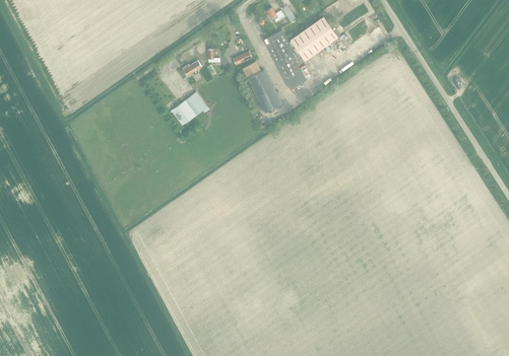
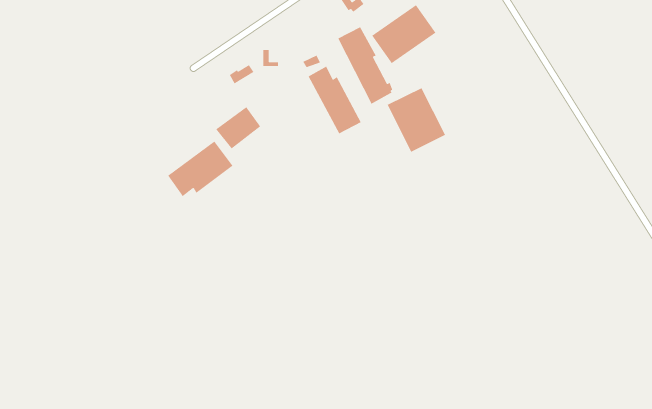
building: none -> [386,87,446,153]
building: none -> [167,140,234,197]

